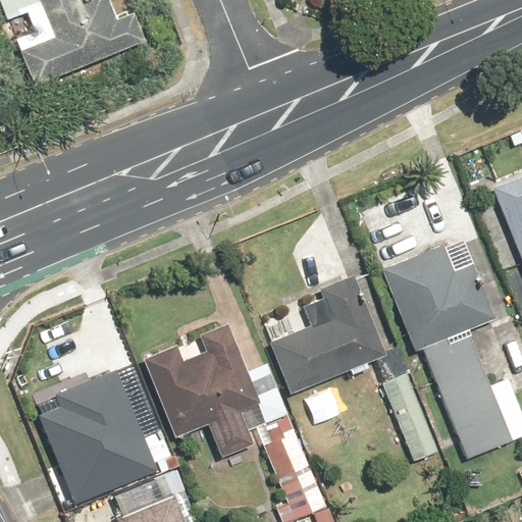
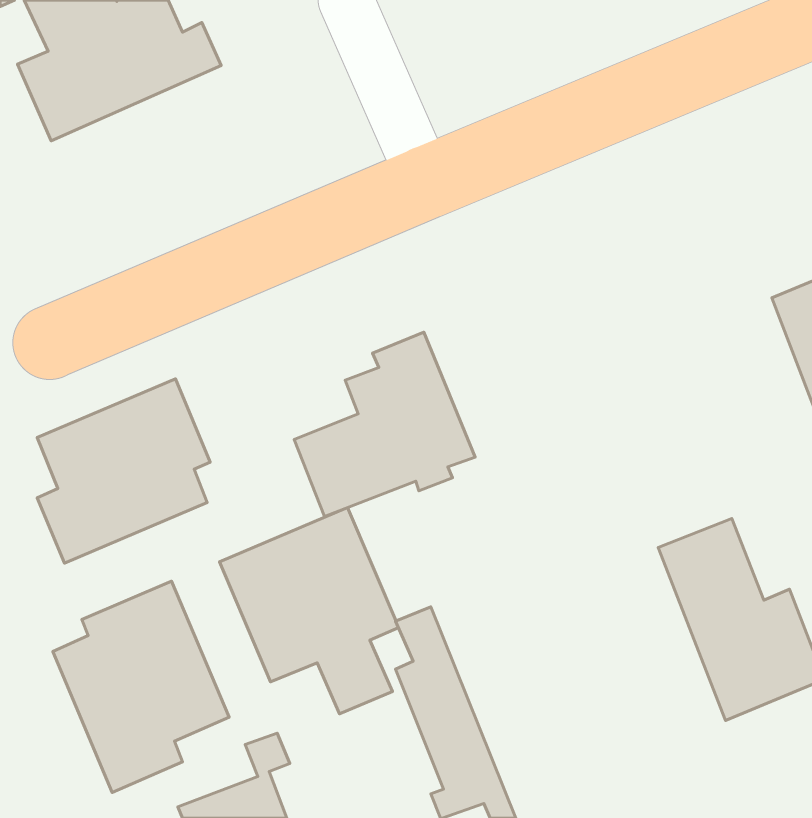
building: none -> [37,379,210,563]
building: [381,244,495,351] -> none
building: [270,275,385,393] -> [294,332,475,516]
building: [381,372,439,461] -> none

